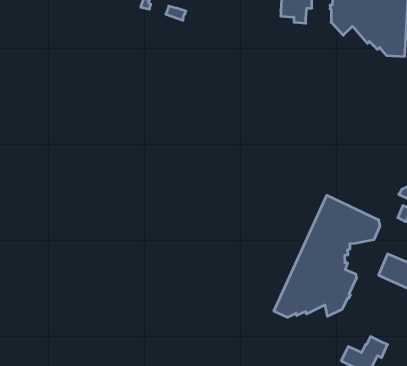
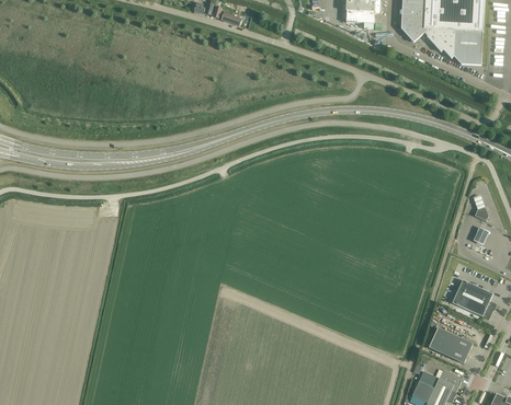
building: [274,195,380,317] -> none
building: none -> [428,326,473,362]

